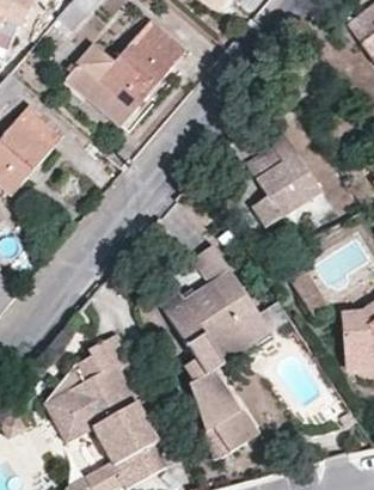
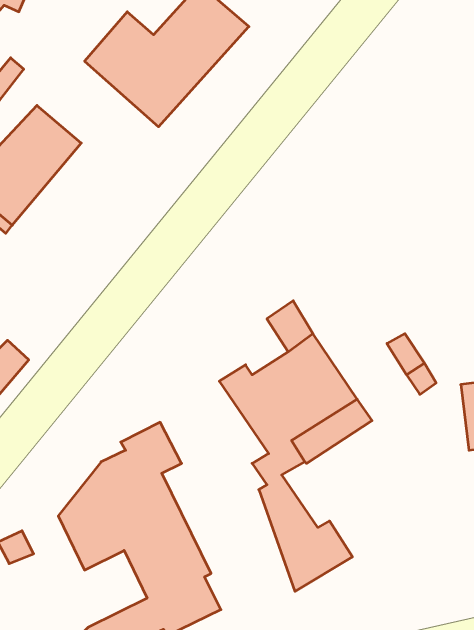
building: [247,139,319,227] -> none

